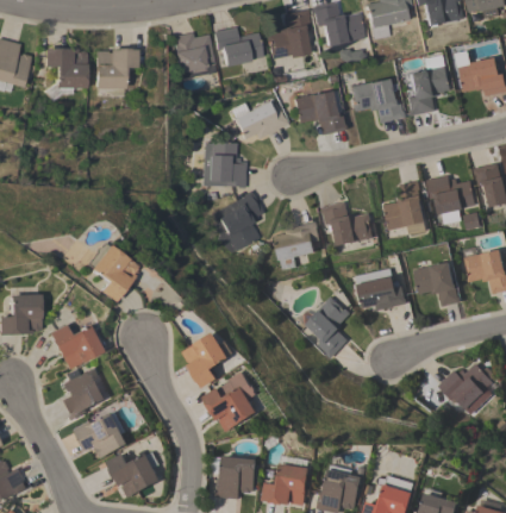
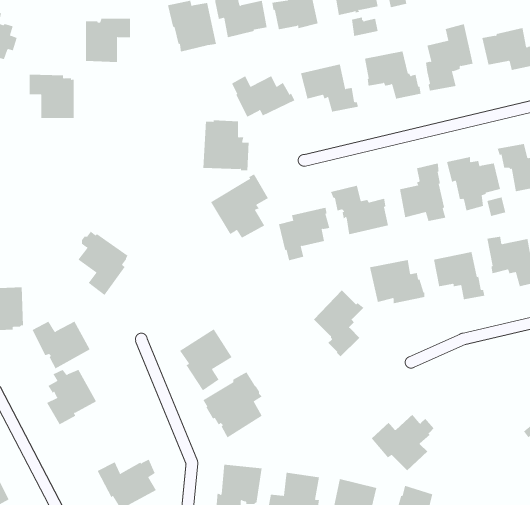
building: [45,48,87,88] -> [29,74,74,118]
building: [438,363,496,415] -> [371,414,435,471]
building: [74,413,129,458] -> none

